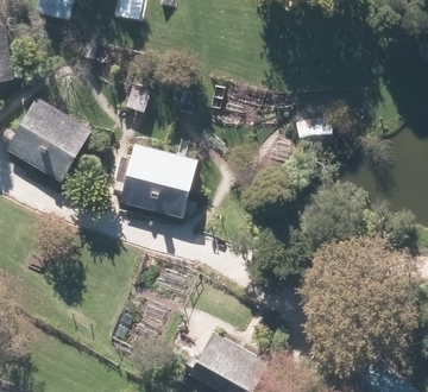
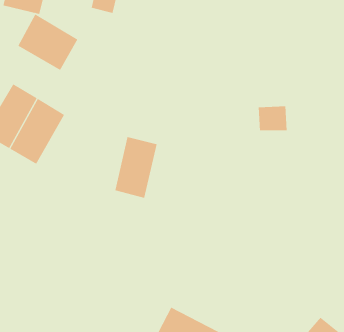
building: none -> [17,13,78,71]
building: [112,145,157,209] -> none

